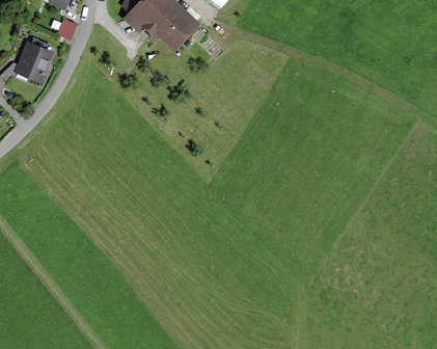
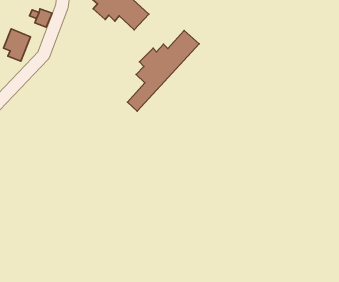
building: none -> [127,30,199,111]

